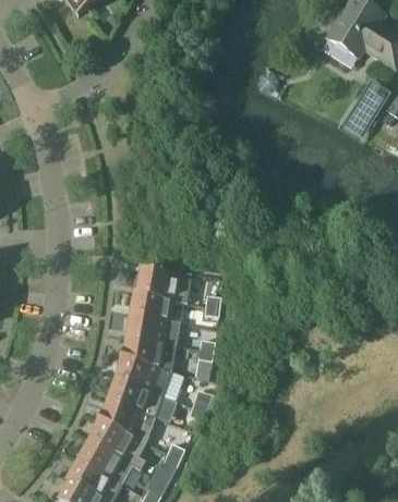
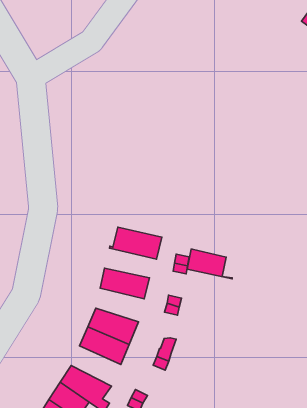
building: [131,293,180,322] -> [187,249,232,279]
building: [124,336,176,370] -> none
building: [101,400,155,441] -> none

